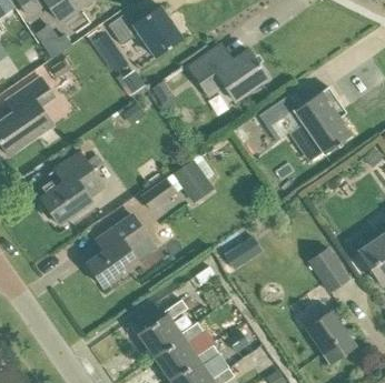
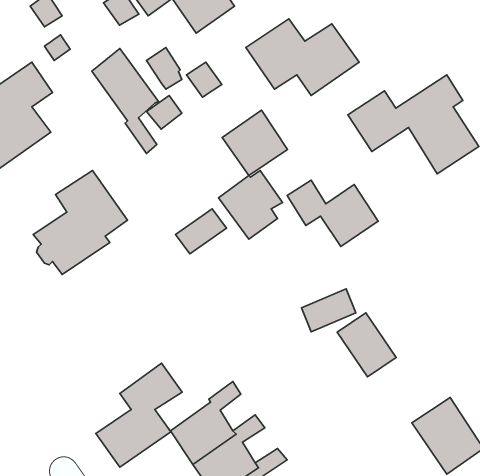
building: none -> [92,49,158,153]
building: none -> [222,110,288,175]
building: none -> [287,180,378,247]
building: [86,214,146,286] -> [96,363,182,467]
building: [306,244,347,289] -> [337,313,396,377]

